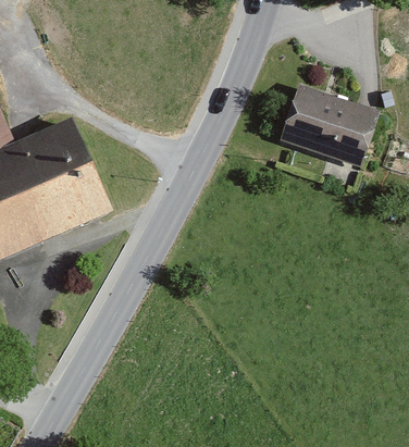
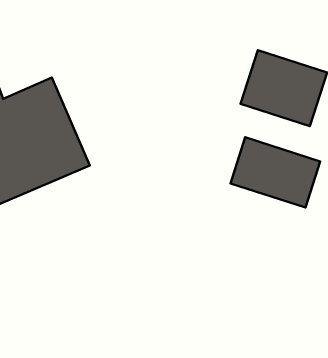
building: none -> [230,137,320,208]

